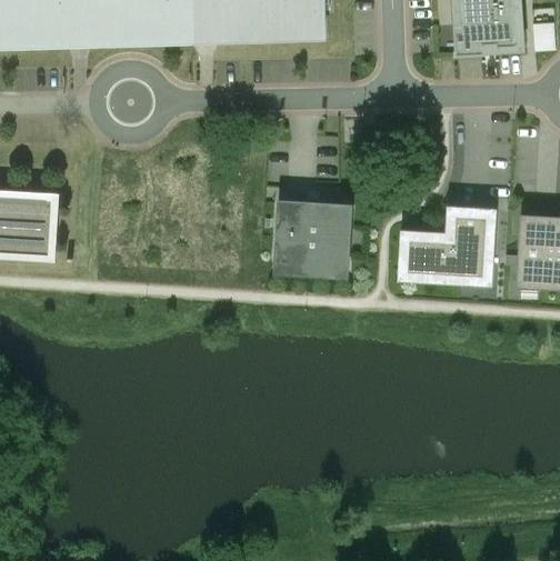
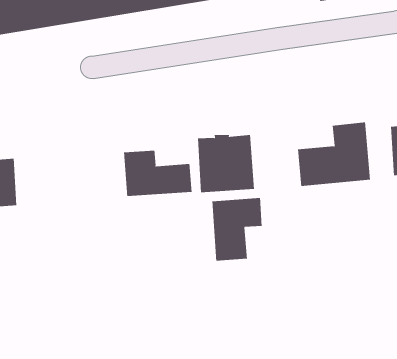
building: none -> [123,150,192,197]
building: none -> [212,197,262,262]

